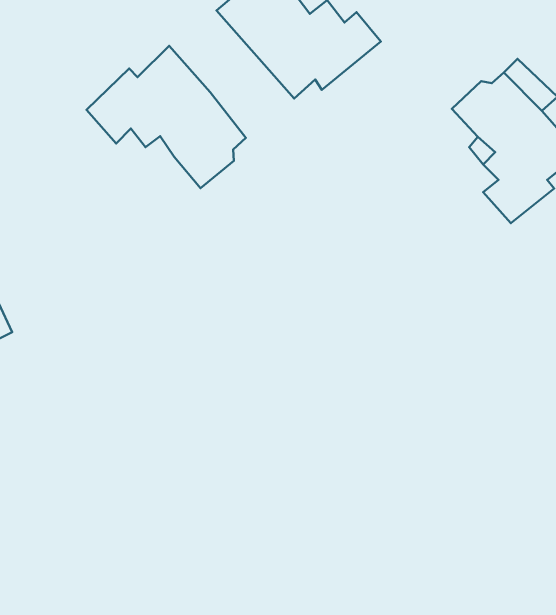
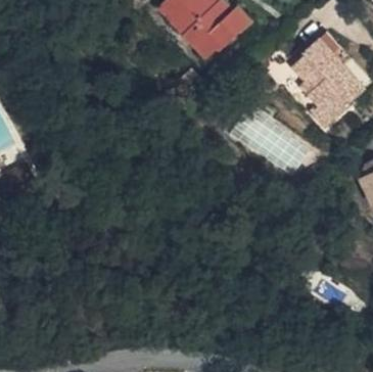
building: [87,46,246,188] -> none

